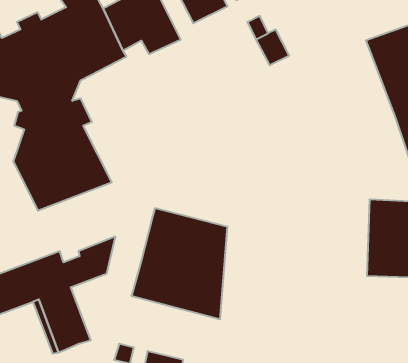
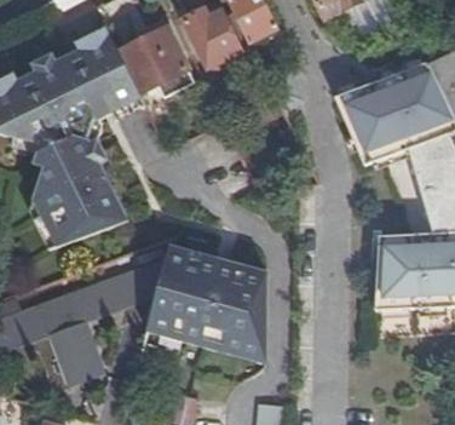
building: none -> [333,81,404,166]
building: none -> [75,254,166,310]
building: none -> [232,264,265,364]

